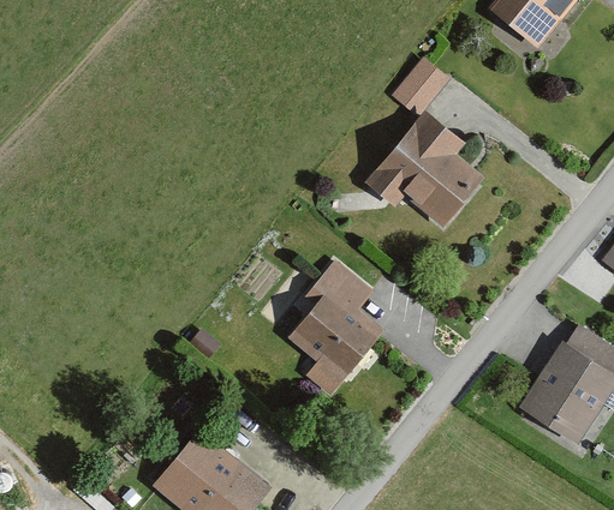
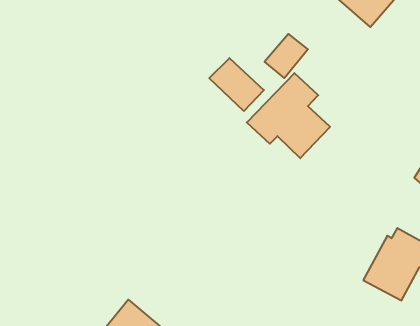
building: none -> [209,58,264,111]
building: [287,268,377,378] -> none

